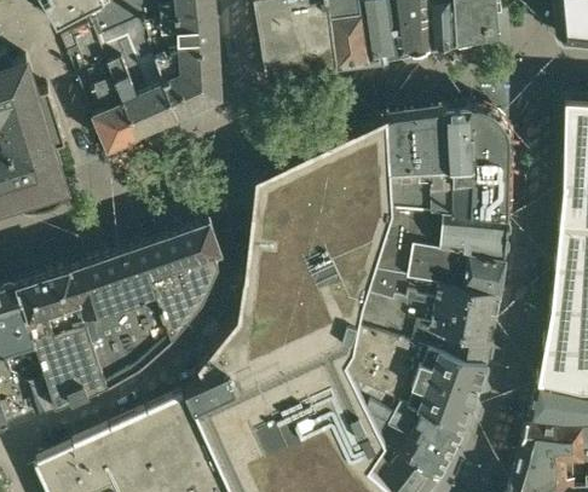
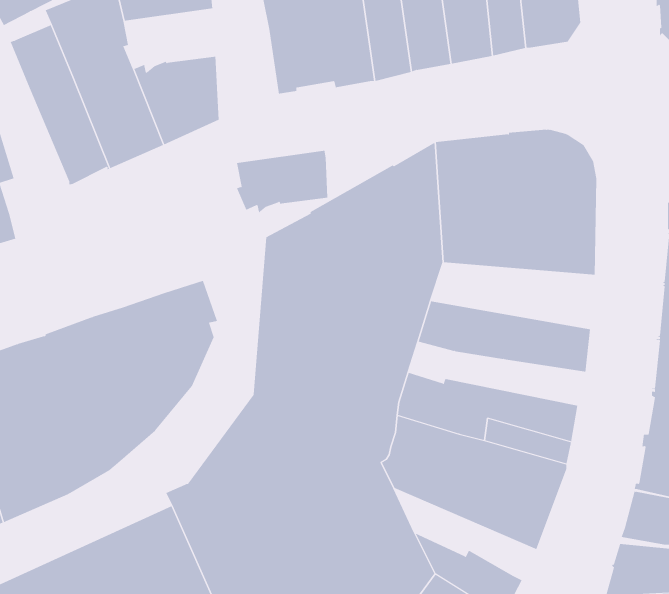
building: [149,16,219,64] -> [236,150,328,214]
building: [382,209,508,260] -> none
building: [365,270,501,318] -> none
building: [354,381,463,451] -> none

